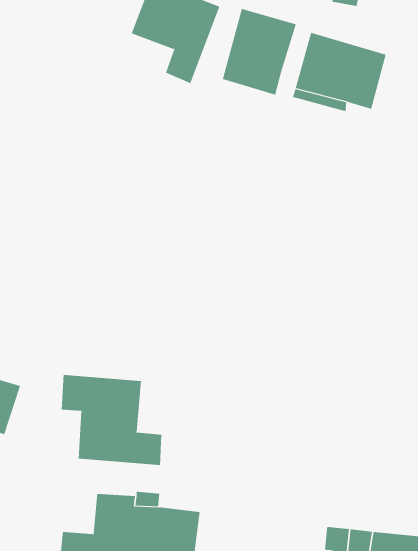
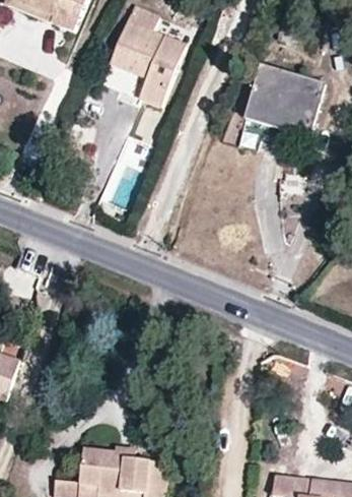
building: [222,8,297,95] -> none
building: [61,374,162,466] -> none

